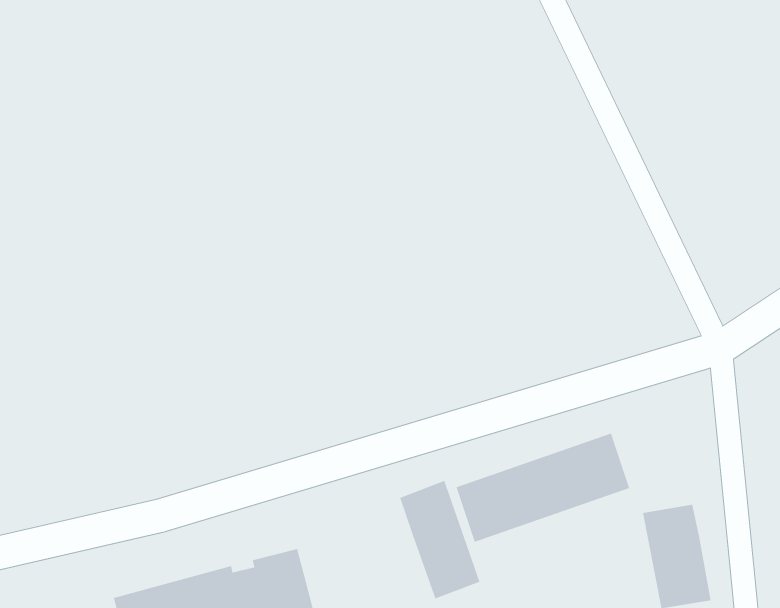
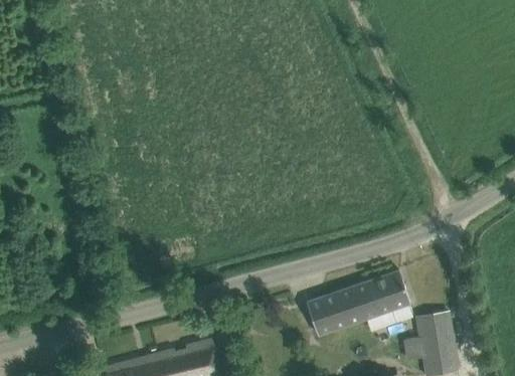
building: [399,480,481,600] -> none

